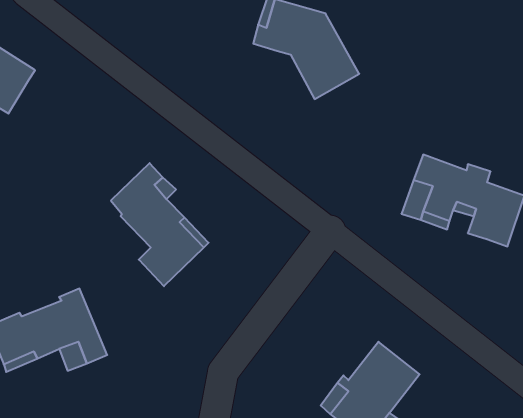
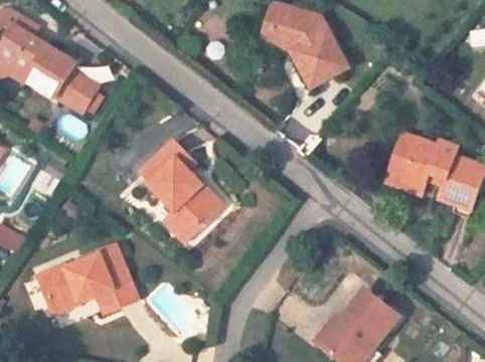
building: none -> [56,70,101,116]

